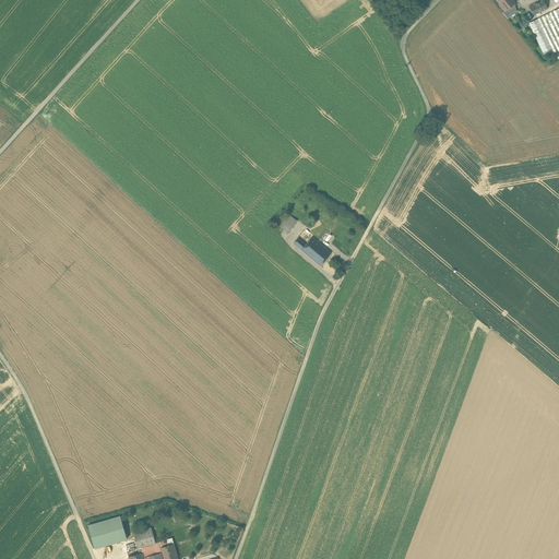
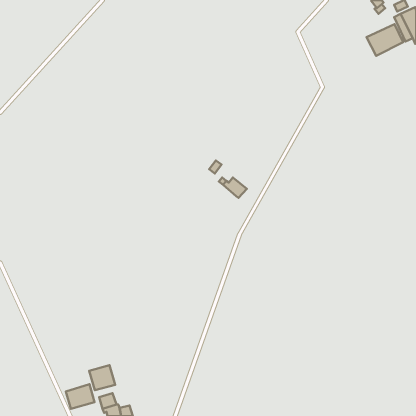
building: none -> [367,24,403,56]
building: none -> [89,365,115,390]

